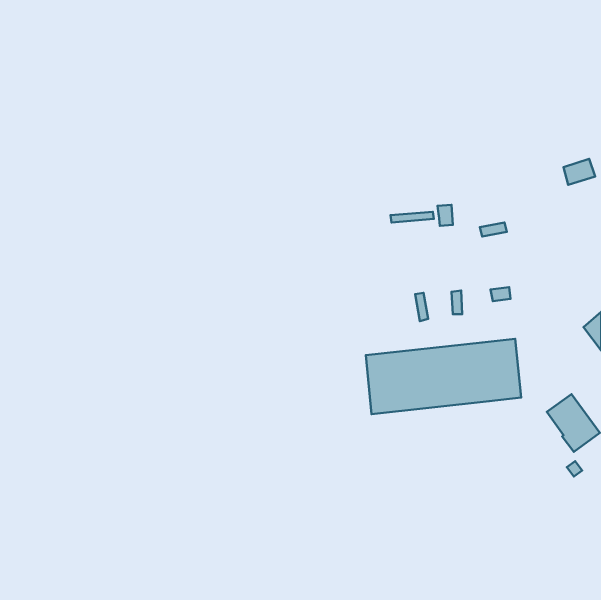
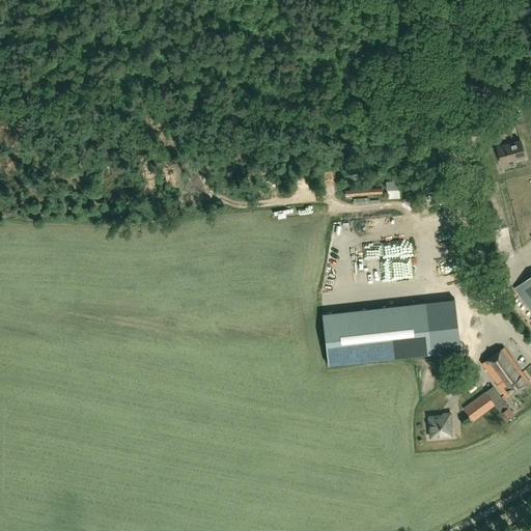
building: none -> [464,387,502,421]
building: none -> [428,414,451,438]

